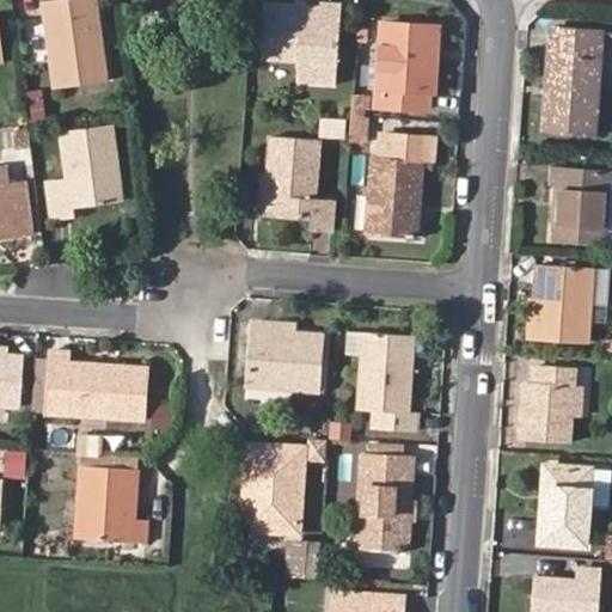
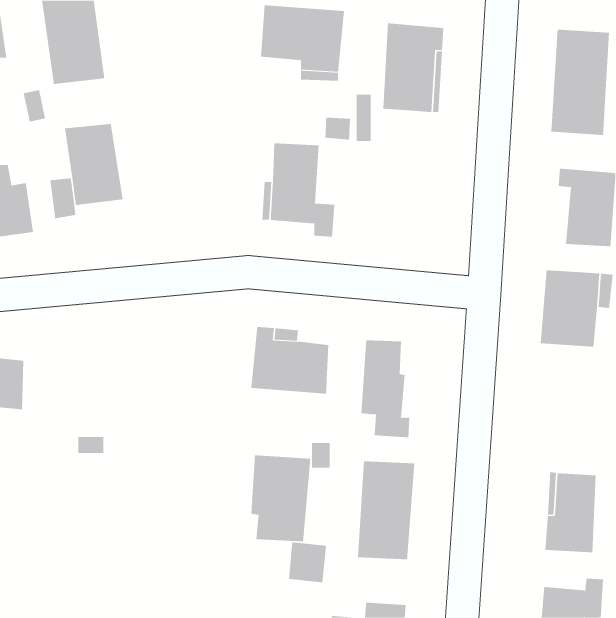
building: [368,136,436,240] -> none
building: [44,351,152,417] -> none
building: [519,367,574,445] -> none
building: [81,465,155,540] -> none

